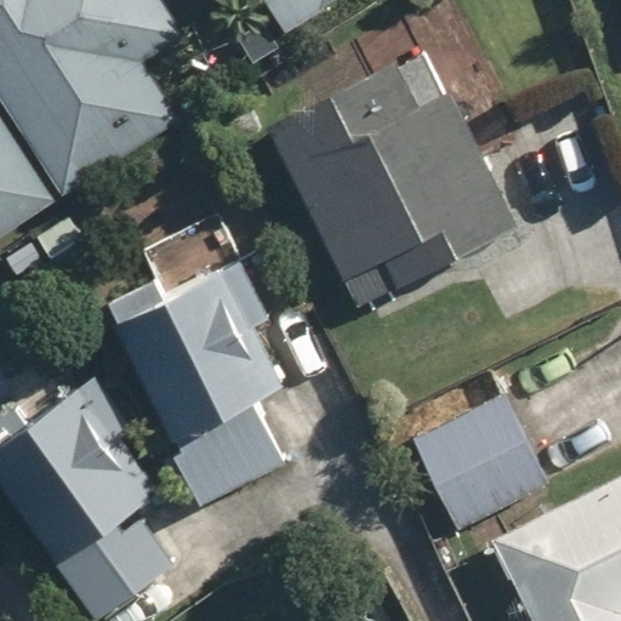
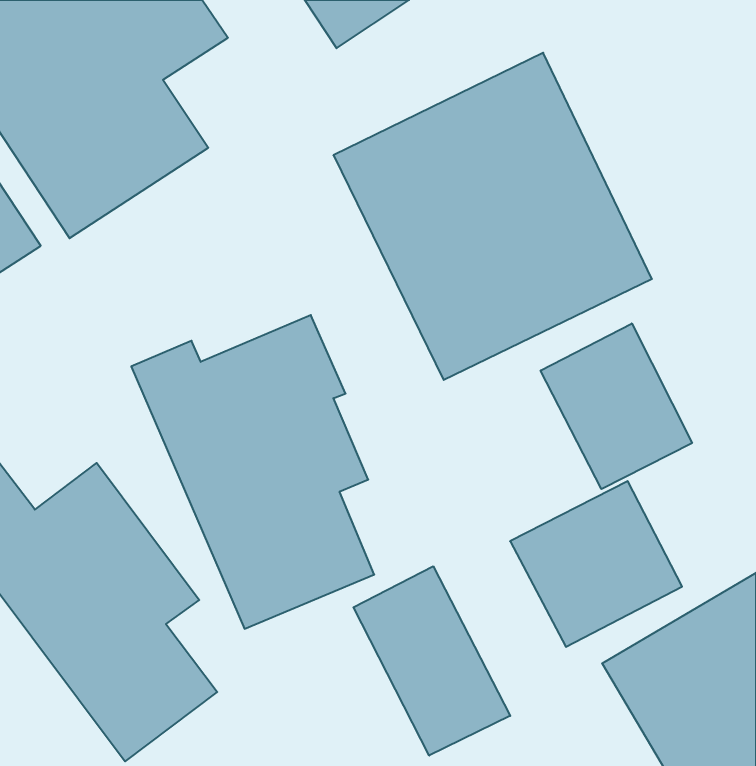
building: none -> [541,323,692,489]
building: none -> [353,566,510,756]

